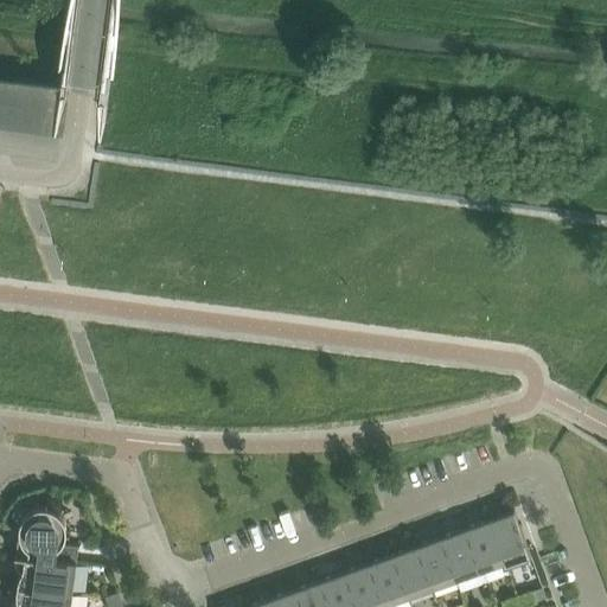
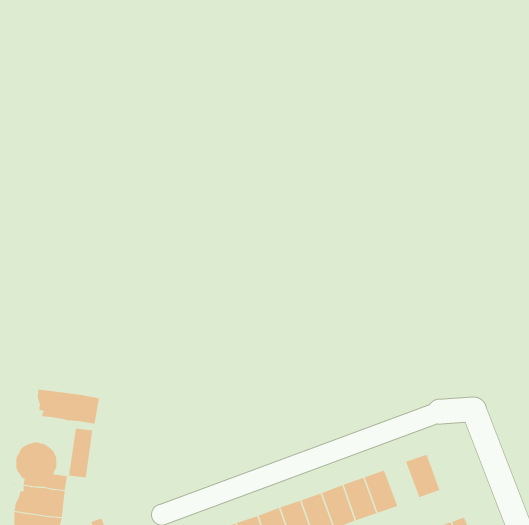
building: none -> [27,389,99,425]
building: none -> [69,428,93,478]
building: [487,516,530,573] -> none
building: [439,533,478,584] -> none

